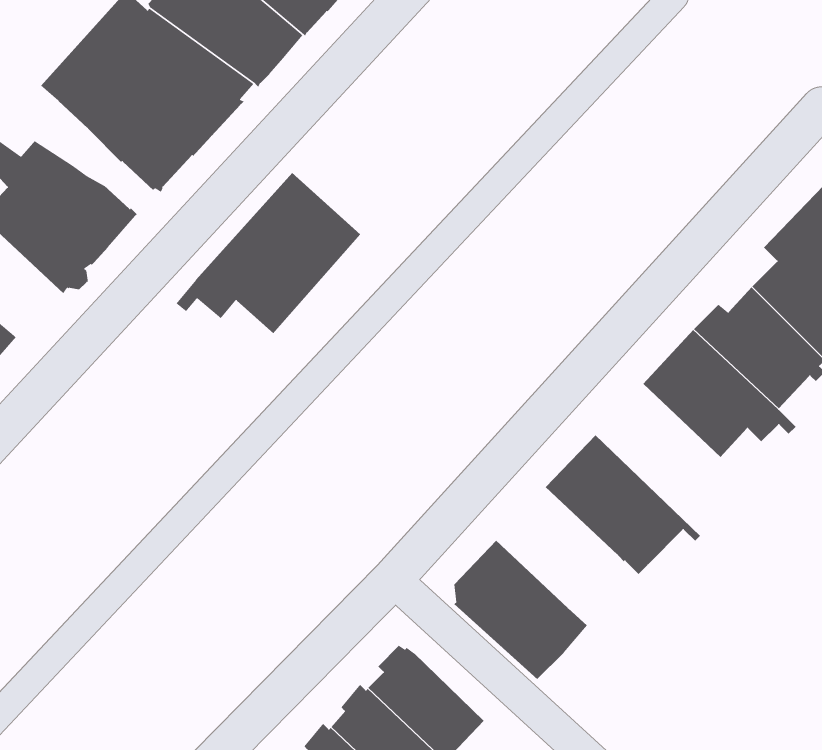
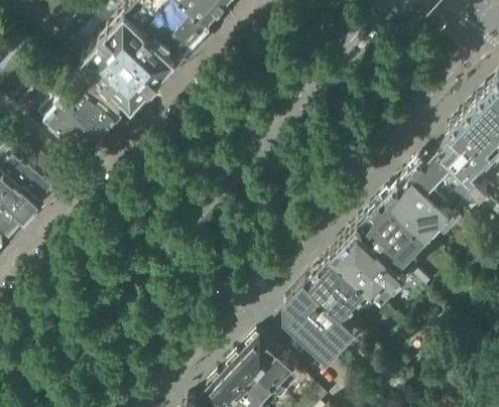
building: [176,172,361,334] -> none
building: none -> [357,207,428,297]
building: none -> [305,260,368,322]

